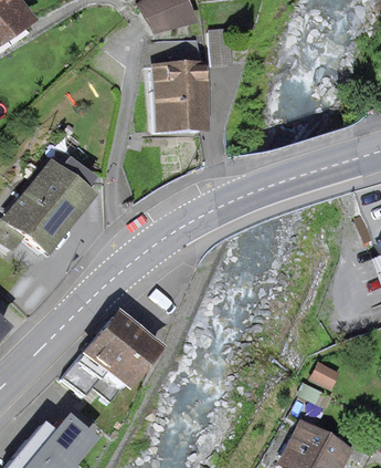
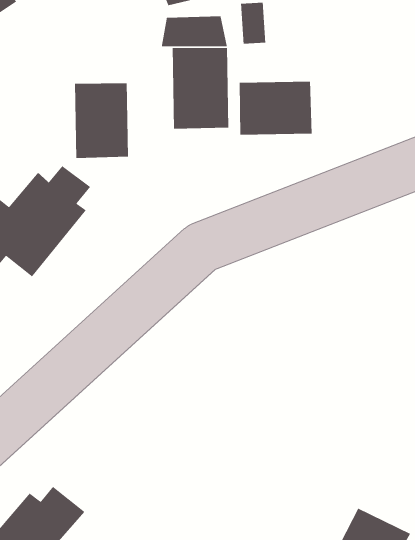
building: none -> [239,81,313,135]
building: none -> [74,83,129,159]
building: [67,310,158,395] -> none

